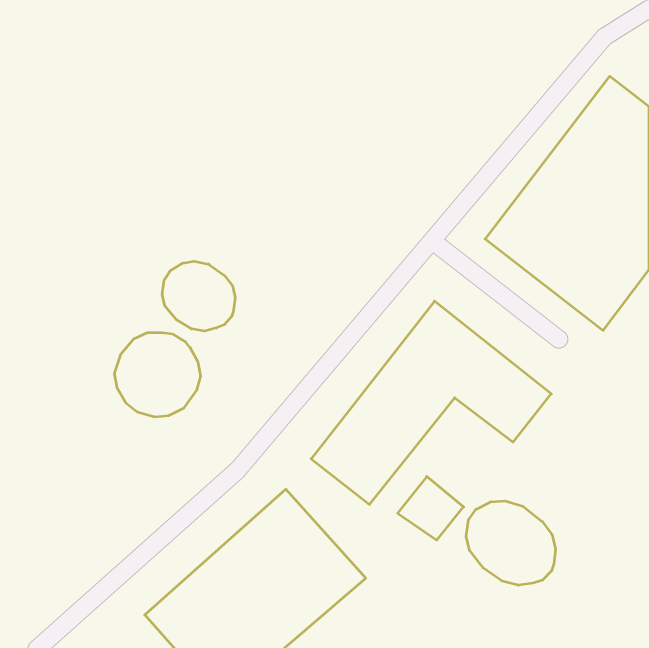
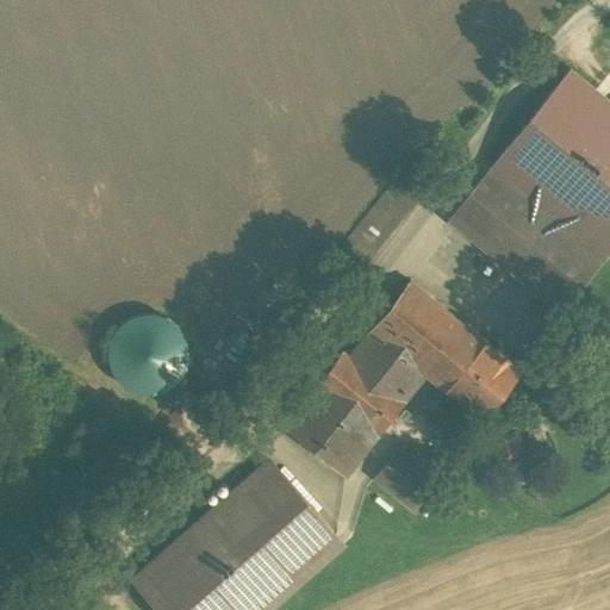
building: [162,261,235,331] -> none
building: [466,501,555,585] -> none

